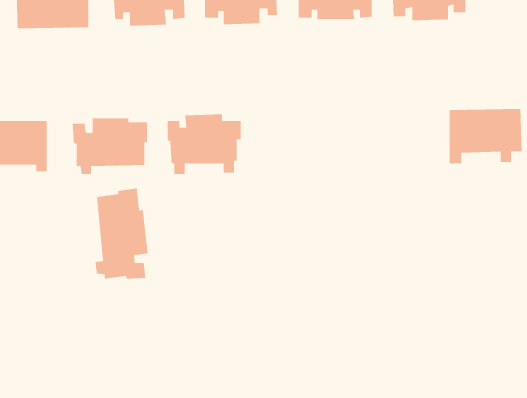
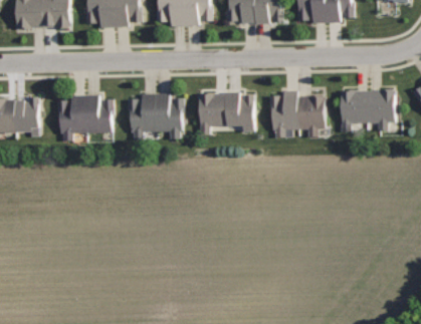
building: none -> [199,90,254,132]
building: none -> [268,90,324,136]
building: [95,188,149,280] -> none

